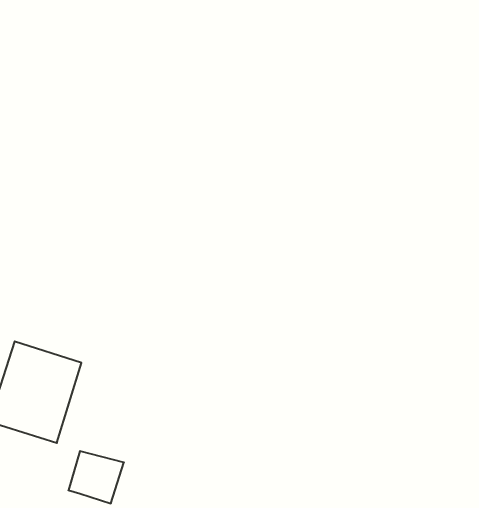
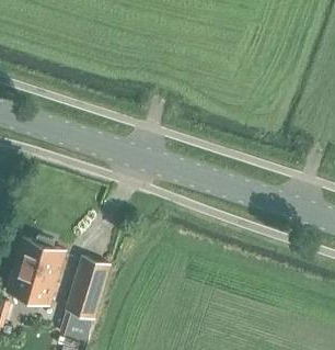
building: none -> [66,260,109,317]

